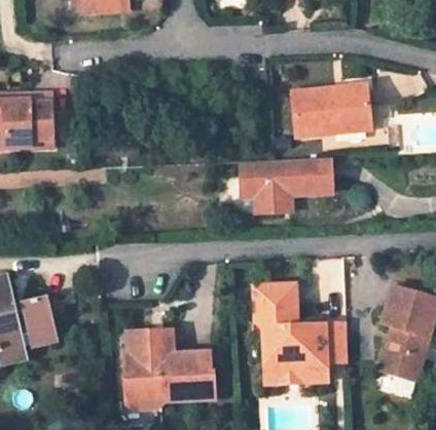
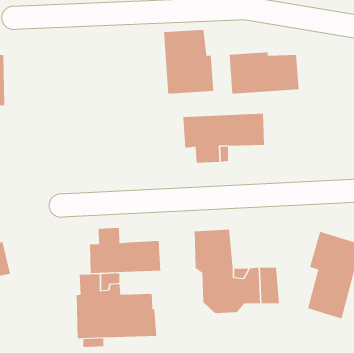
building: none -> [164,29,214,95]
building: none -> [89,227,161,274]
building: [264,361,329,387] -> none

